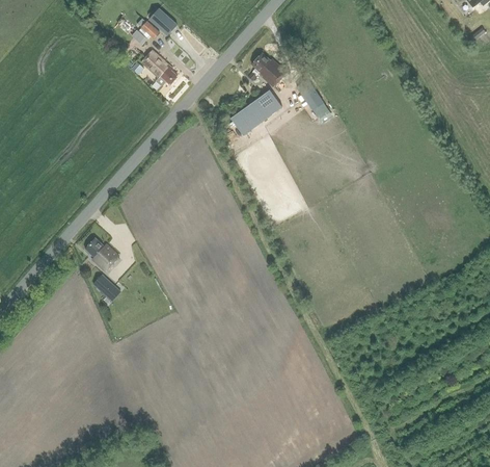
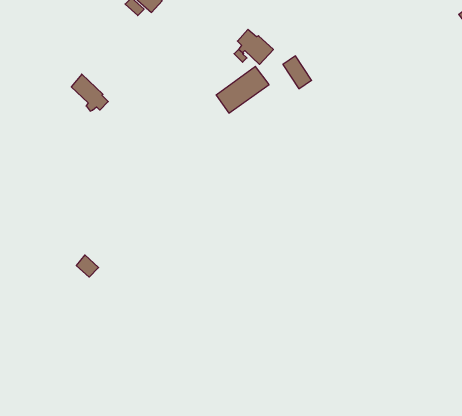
building: [141,49,178,85] -> [71,74,108,111]
building: [84,237,117,270] -> none

